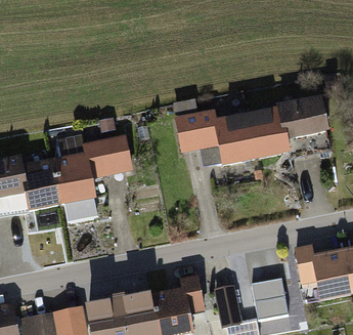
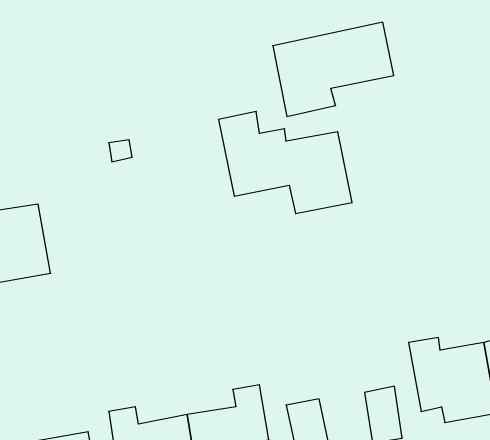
building: [249,96,327,158] -> [273,22,394,116]
building: [49,133,131,204] -> none

